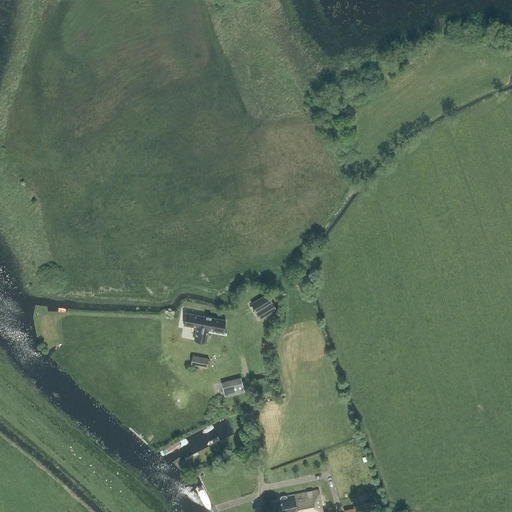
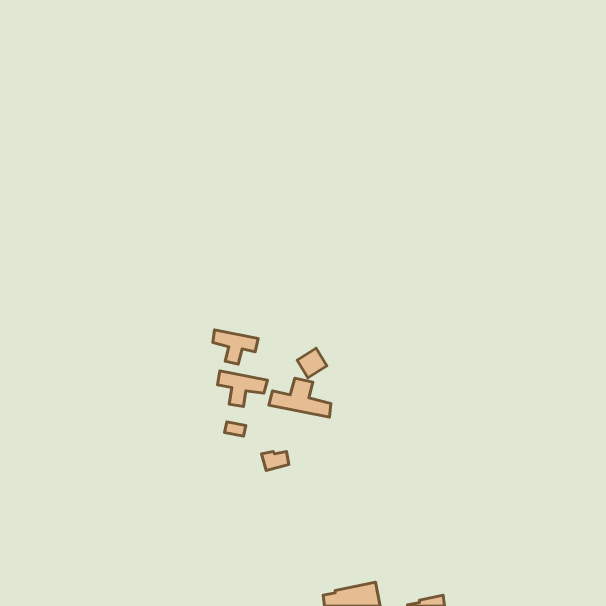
building: none -> [213,330,258,364]
building: none -> [269,378,331,417]

